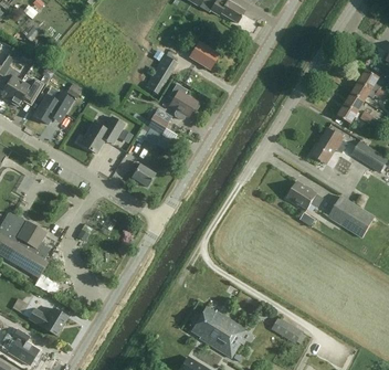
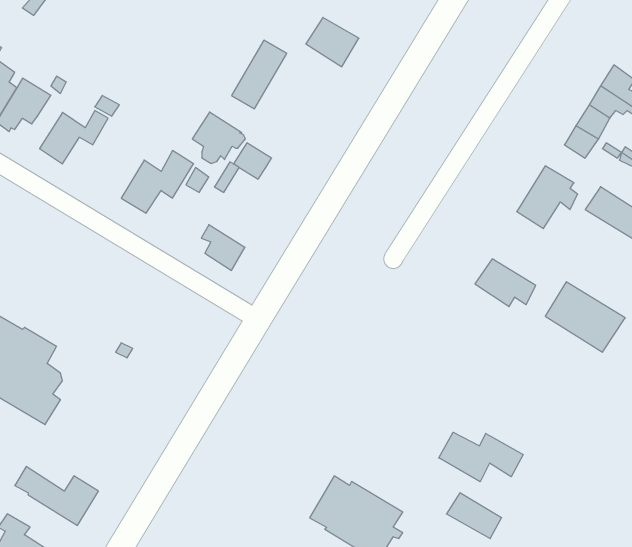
building: [168,88,199,118] -> [192,112,245,163]
building: none -> [439,432,523,482]

